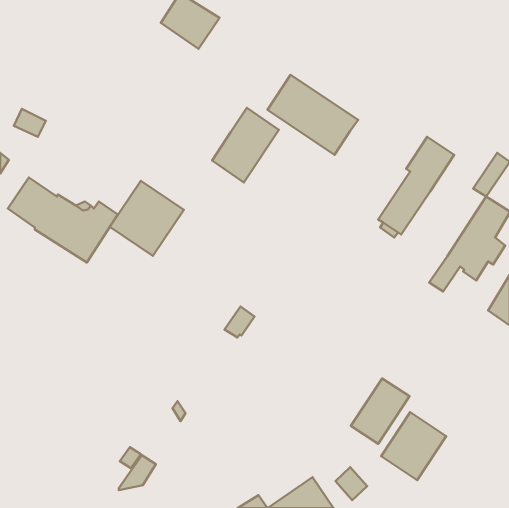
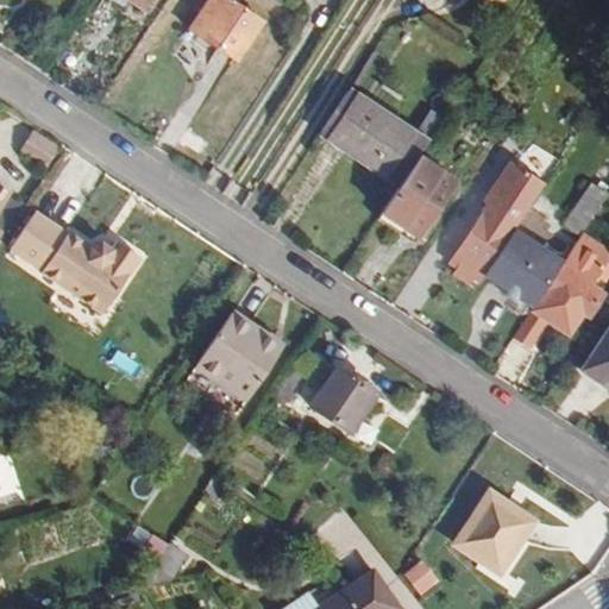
building: [212,108,279,183] -> [377,156,457,245]
building: [110,181,184,256] -> [196,310,284,400]
building: none -> [484,228,563,306]
building: none -> [310,365,377,431]
building: [351,378,410,444] -> none

